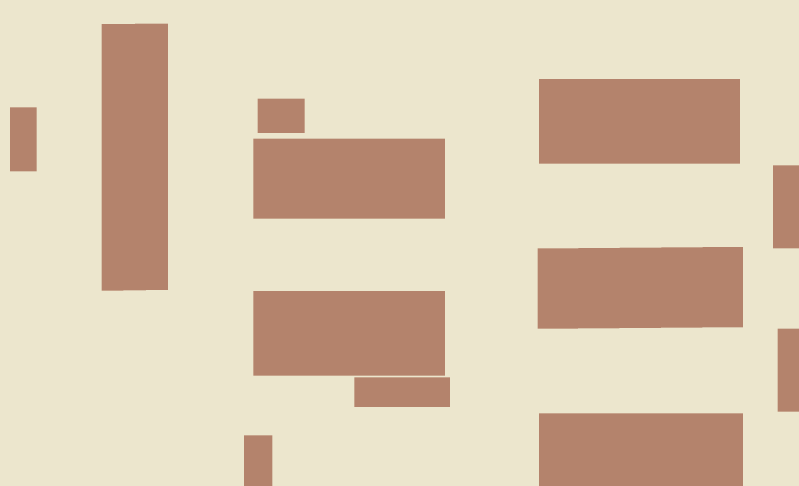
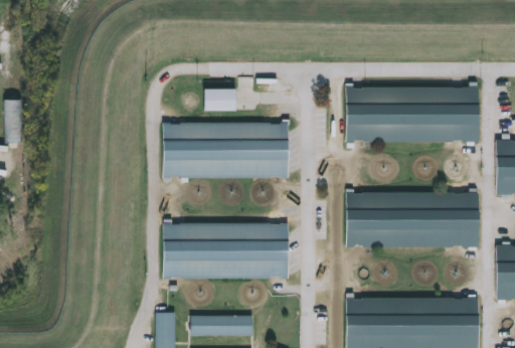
building: [101,23,169,291] -> none
building: [257,98,305,134] -> [205,91,236,114]
building: [353,377,451,408] -> [191,317,253,337]

